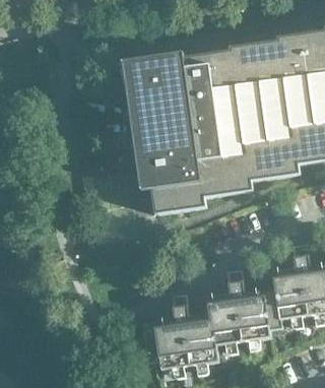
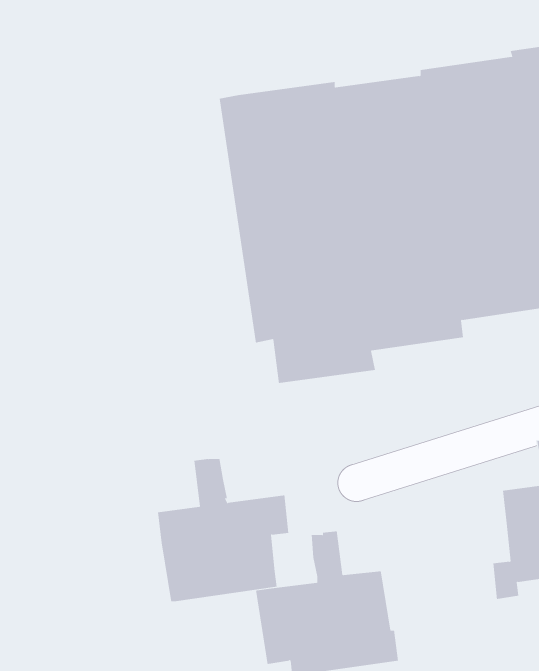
building: [206,269,276,345] -> [157,459,289,602]

